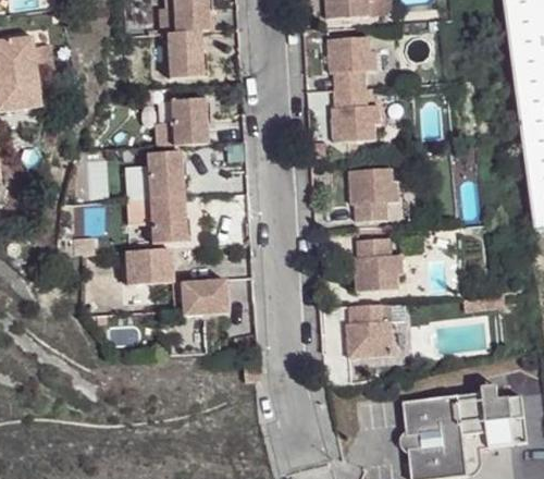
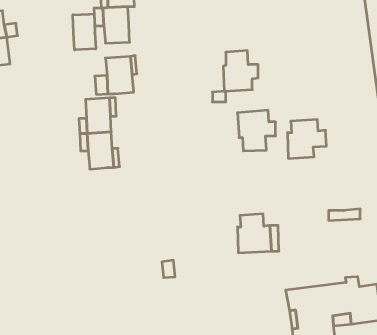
building: [322,37,368,90] -> none
building: none -> [73,14,96,50]
building: [349,237,400,288] -> [287,120,326,158]
building: [125,248,176,286] -> none
building: [181,279,226,318] -> none

